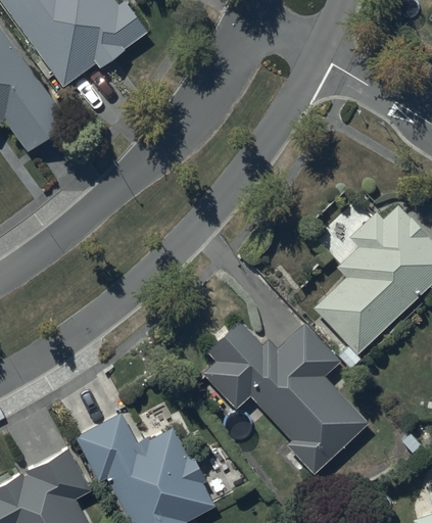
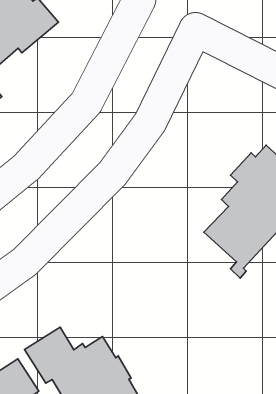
building: [203,321,368,474] -> none

